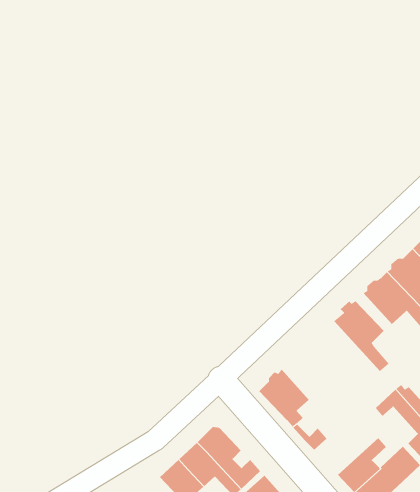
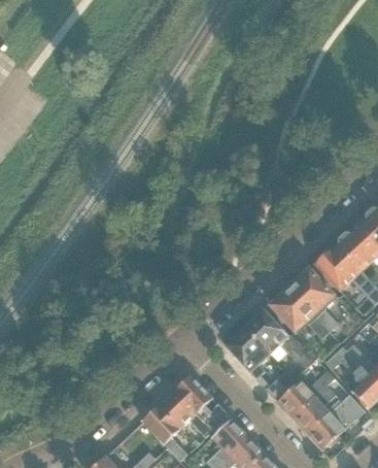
building: none -> [271,288,330,338]
building: none -> [246,311,315,369]
building: none -> [277,372,332,419]

